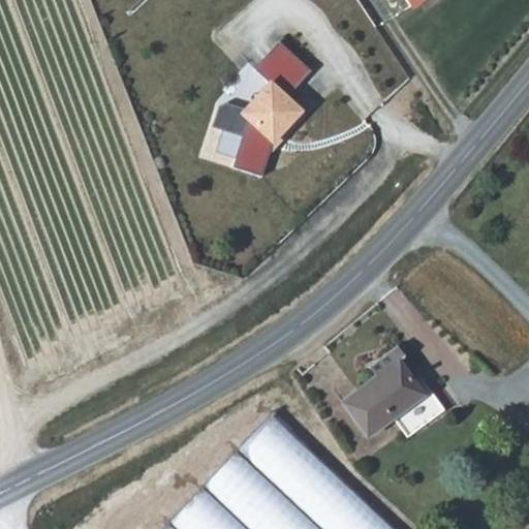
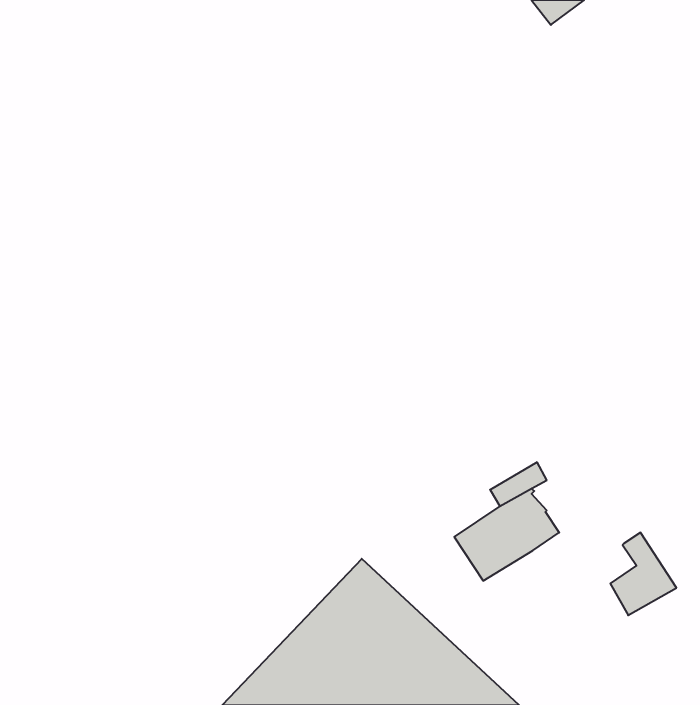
building: [203,41,311,179] -> none
building: [399,374,448,436] -> [610,533,676,615]

